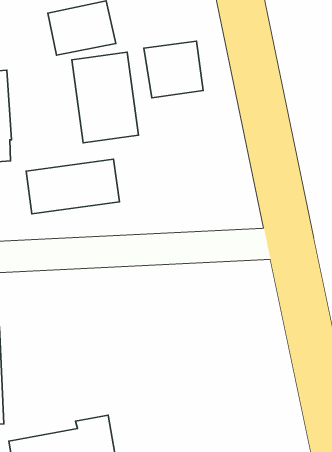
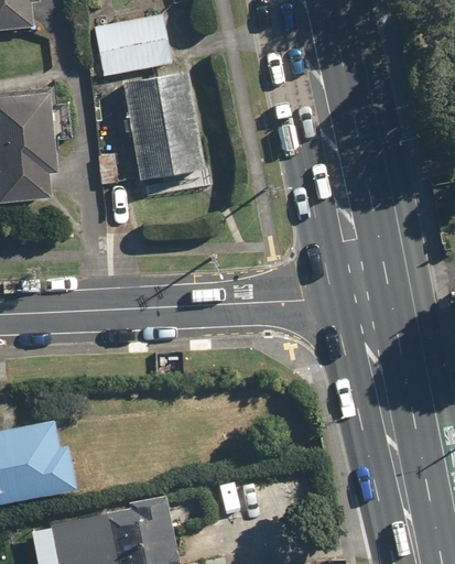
building: [144,41,203,98] -> none
building: [26,159,119,214] -> none

